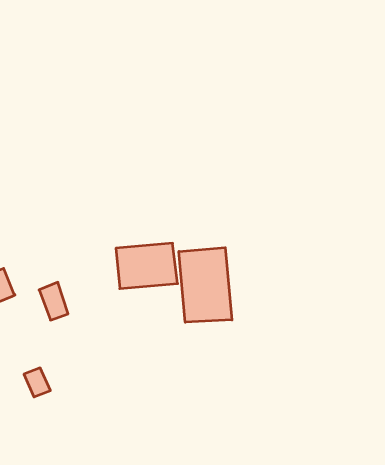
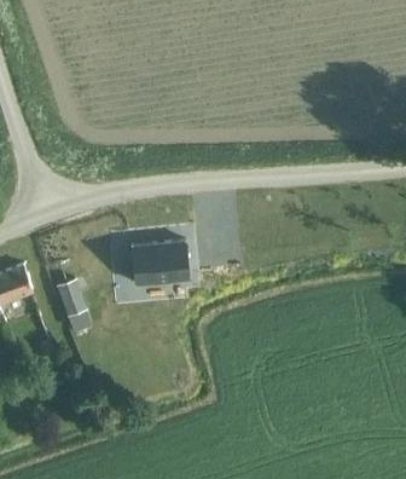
building: [179,248,232,322] -> none

